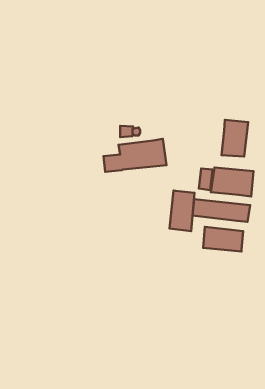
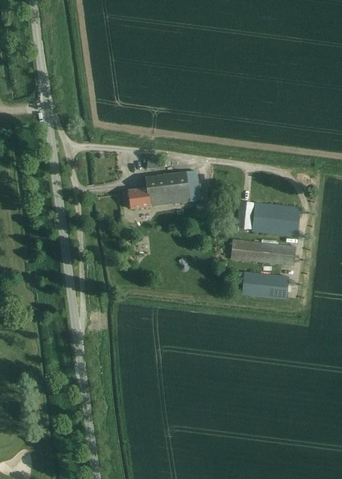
building: [221,120,248,157] -> none
building: [169,190,195,231] -> none

